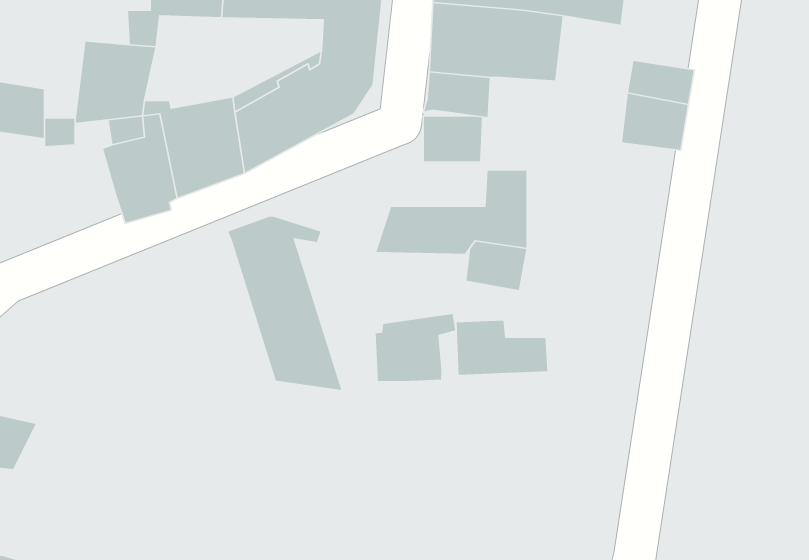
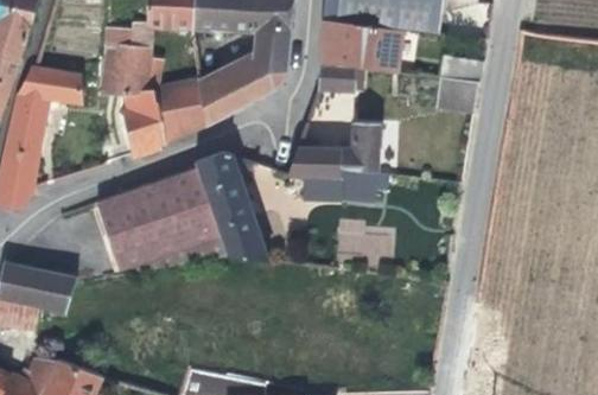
building: none -> [95,168,218,270]
building: [375,313,456,382] -> none

